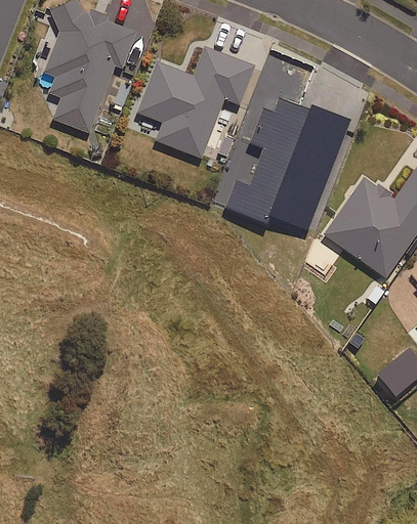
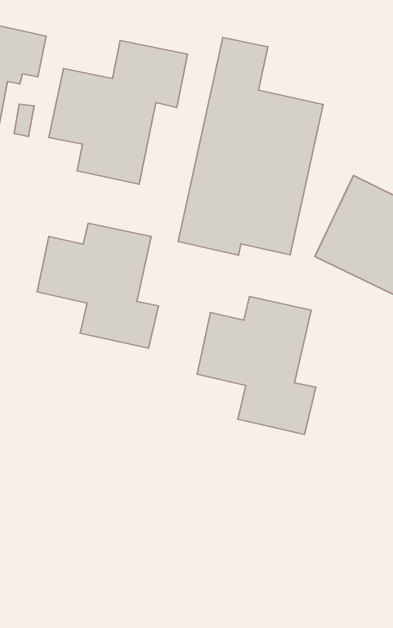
building: none -> [37,223,159,348]
building: none -> [197,297,316,435]

